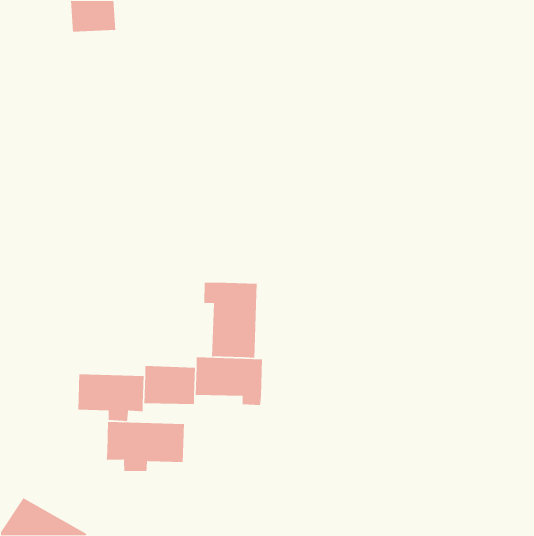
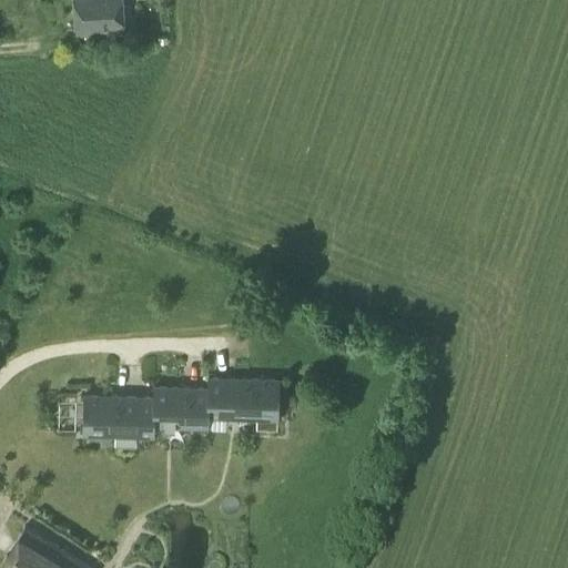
building: [204,282,258,358] -> none
building: [106,421,185,472] -> none

